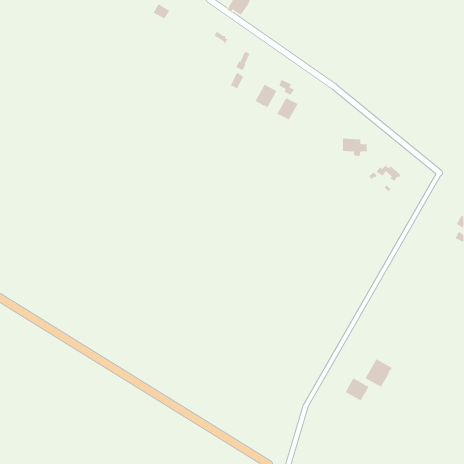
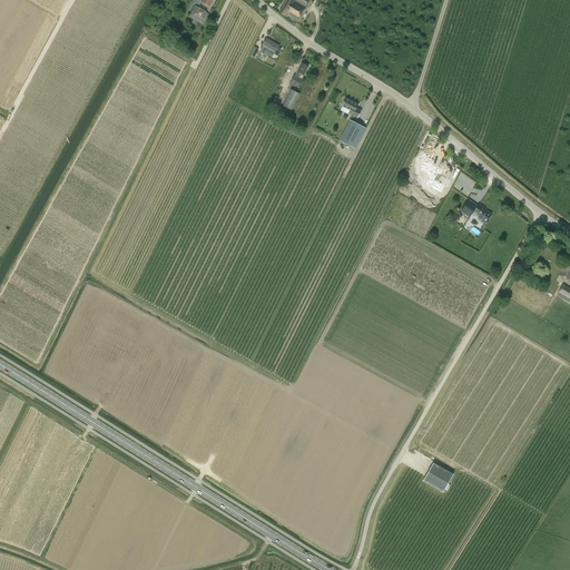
building: [255,84,277,108] -> none
building: [365,358,392,387] -> none

